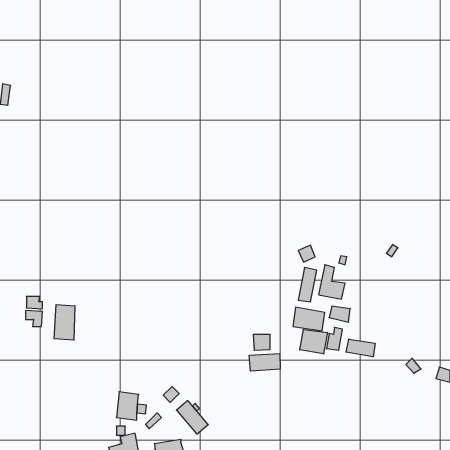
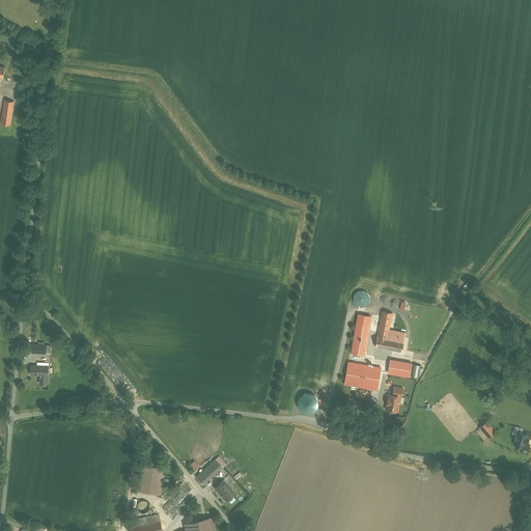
building: [54,305,75,340] -> none
building: [300,329,327,354] -> none
building: [346,339,375,357] -> none
building: [249,354,280,371] -> none

